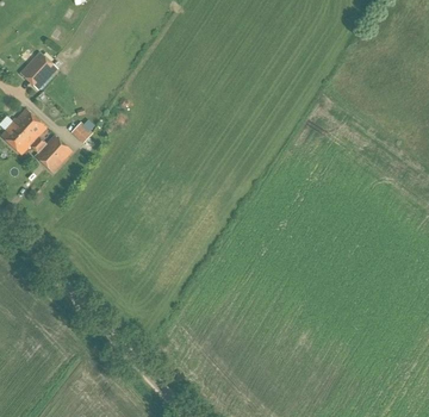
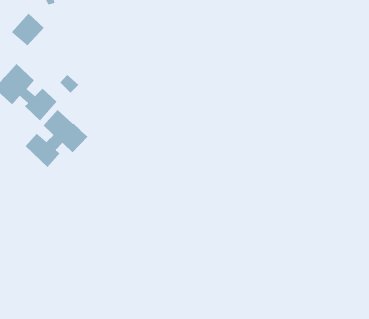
building: none -> [25,109,88,168]

